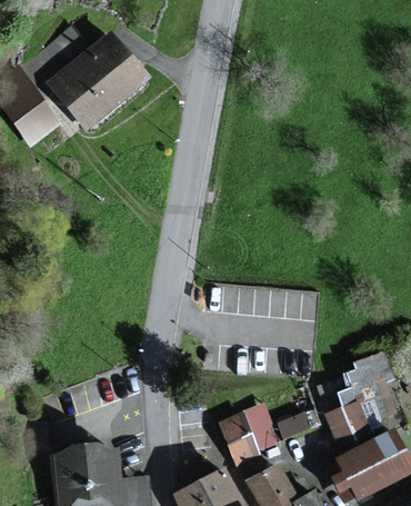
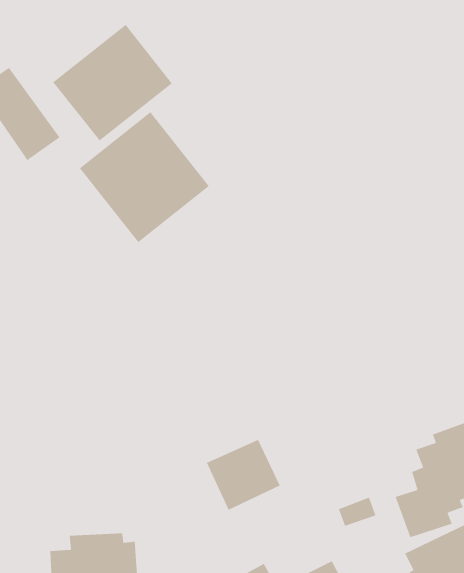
building: none -> [79,111,210,243]
building: [221,405,281,463] -> [206,439,281,511]

